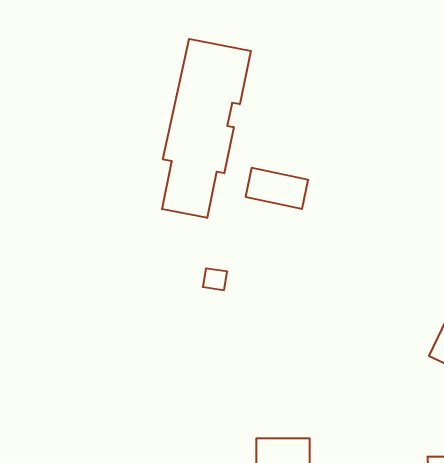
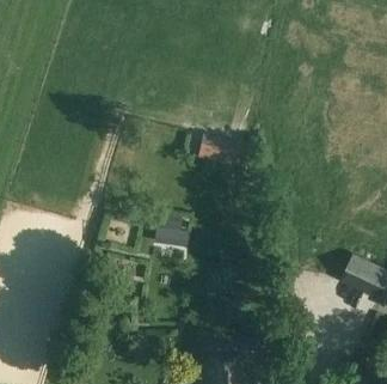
building: [162,39,251,218] -> none

